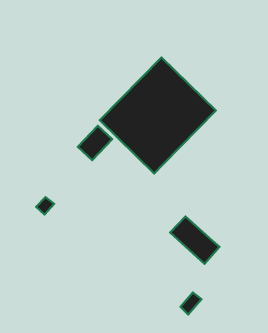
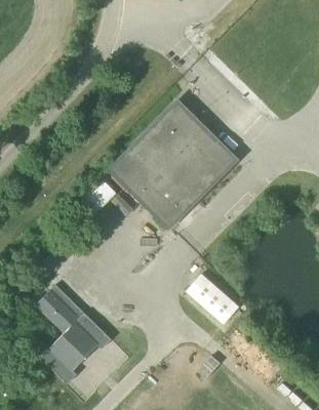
building: none -> [37,284,112,382]

